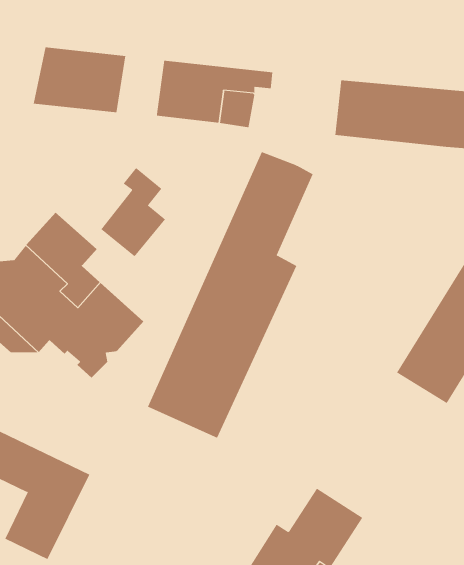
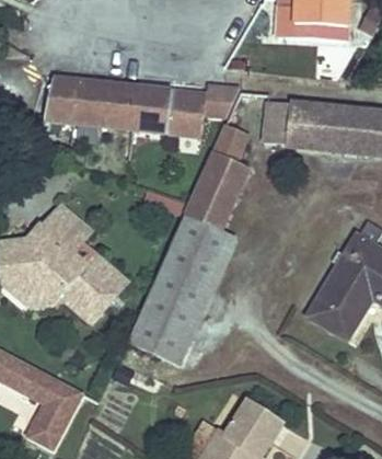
building: none -> [105,84,139,128]
building: none -> [210,92,254,164]
building: [100,167,166,257] -> none

